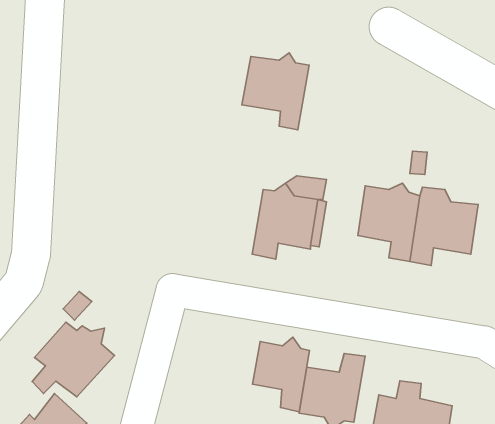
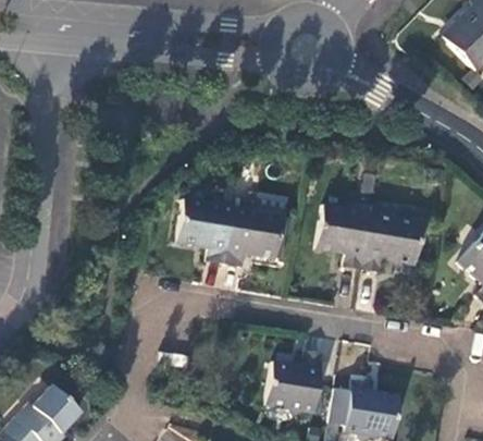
building: [242,53,309,130] -> [175,195,234,262]
building: [32,322,114,397] -> none
building: [253,337,310,412] -> none

